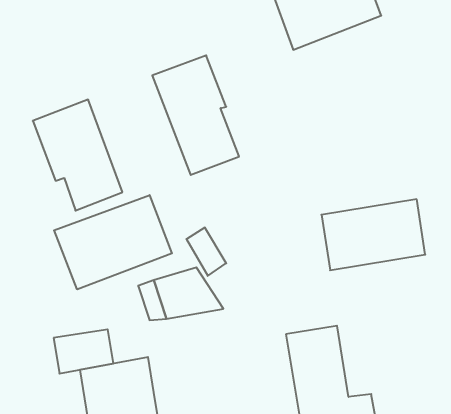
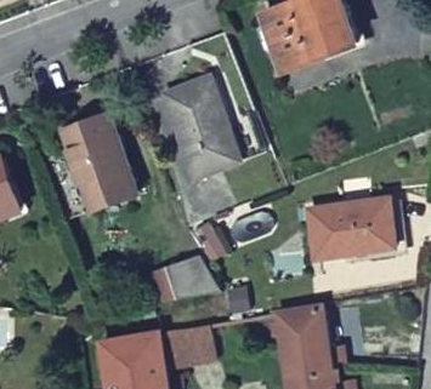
building: [54,195,172,289] -> none
building: [54,329,113,374] -> [158,325,209,362]

